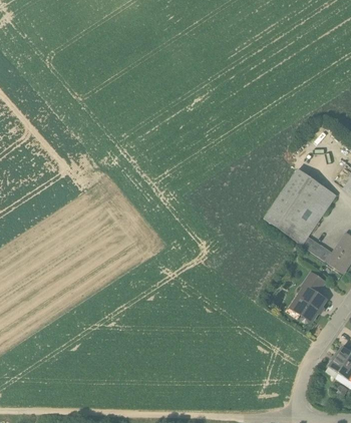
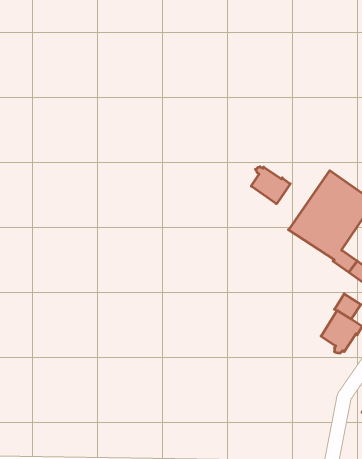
building: none -> [251,167,290,204]

